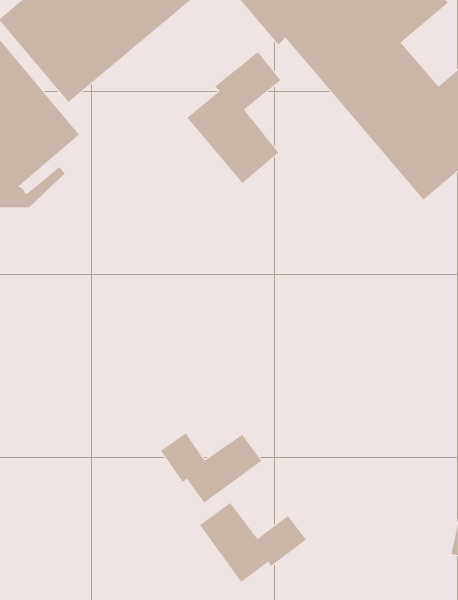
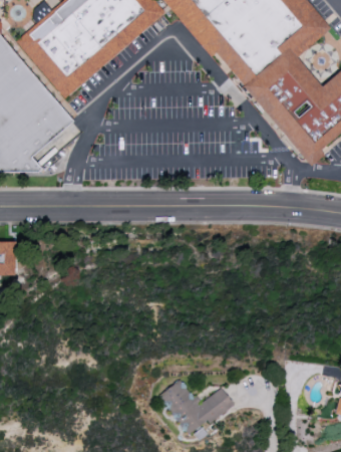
building: [187,51,281,184] -> none
building: [160,433,262,504] -> none

